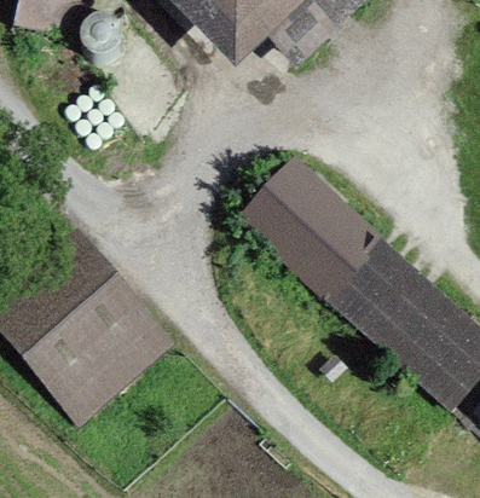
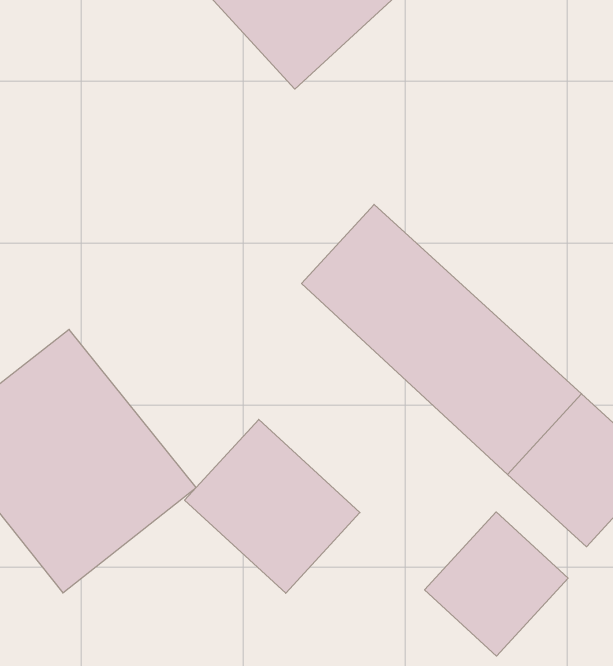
building: none -> [185,419,360,593]
building: none -> [425,512,568,656]

